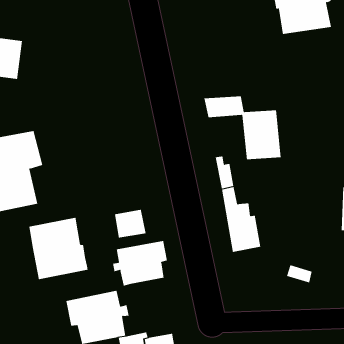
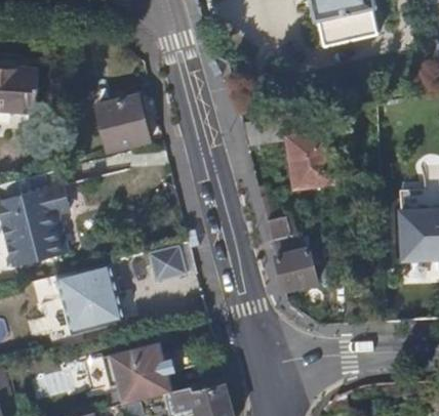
building: none -> [98,97,148,152]
building: [112,240,167,286] -> none

